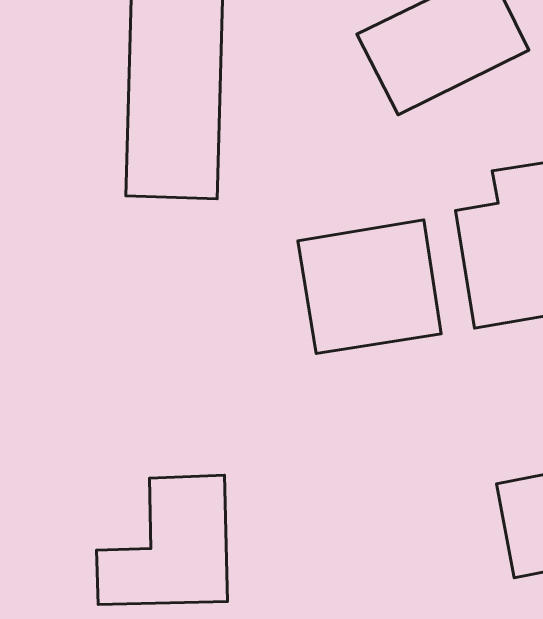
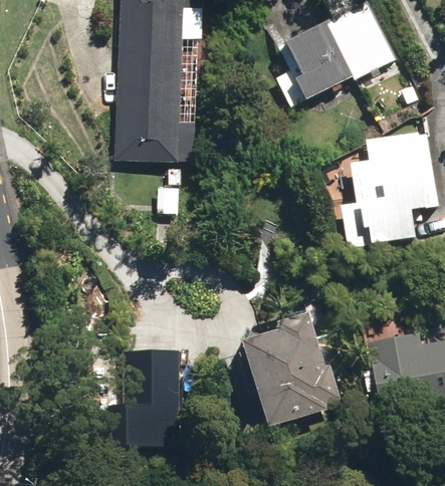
building: [298,220,441,354] -> none
building: none -> [235,320,332,430]

